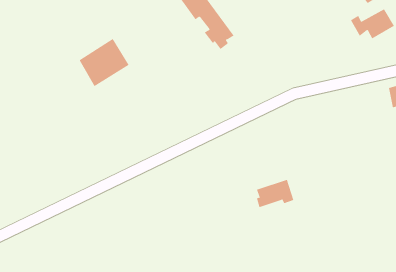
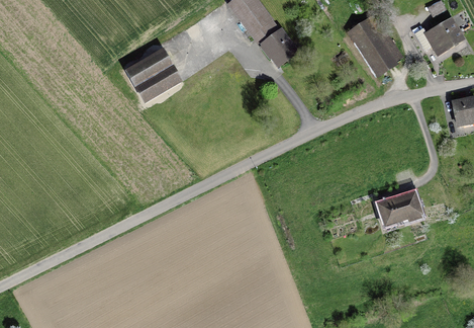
building: none -> [350,19,395,74]
building: [256,179,294,208] -> [380,192,420,223]

